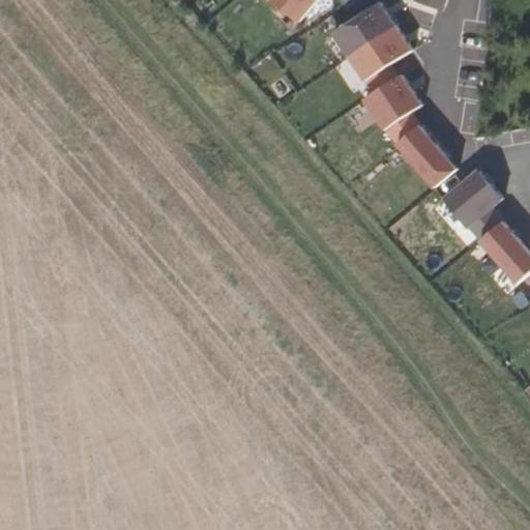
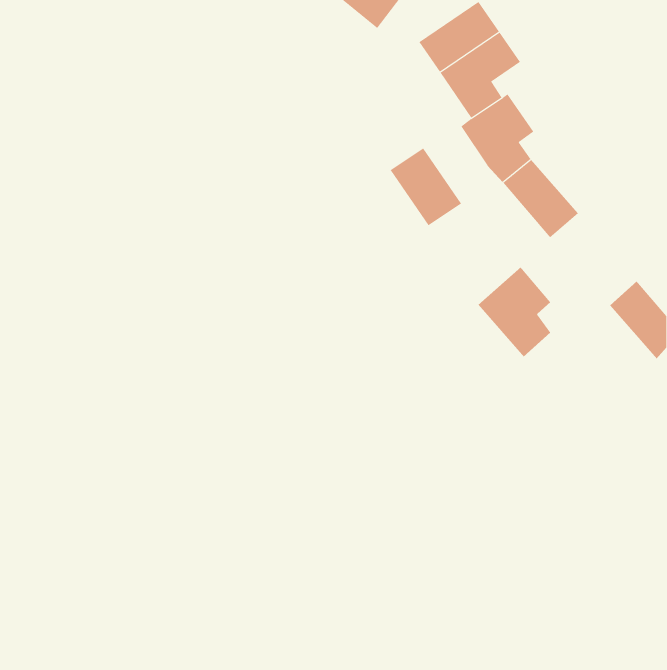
building: none -> [390,147,462,226]
building: [443,169,501,240] -> [477,267,551,357]

